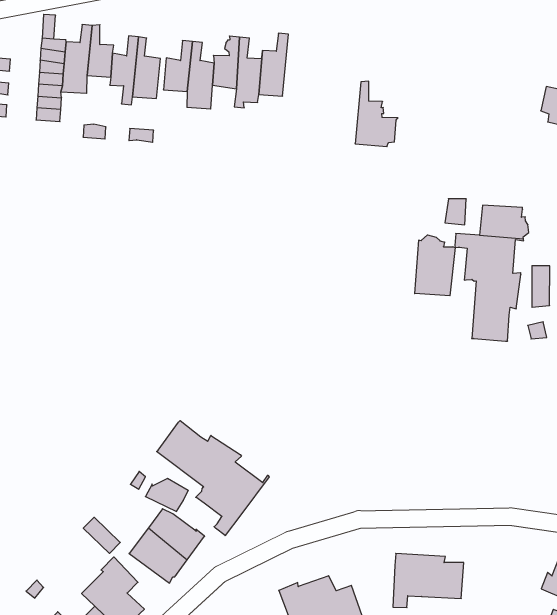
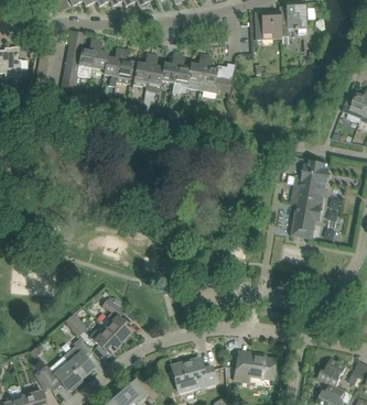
building: [355,81,398,147] -> [199,55,225,92]
building: [415,235,455,296] -> none
building: [157,421,269,536] -> none

